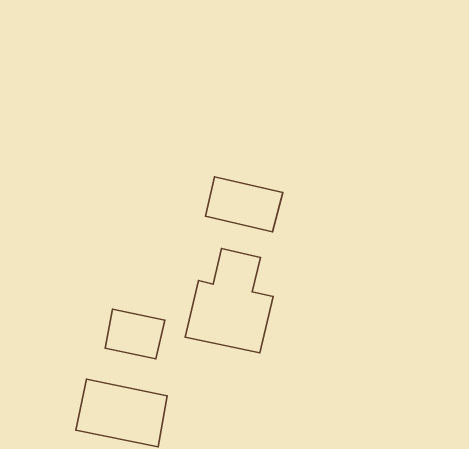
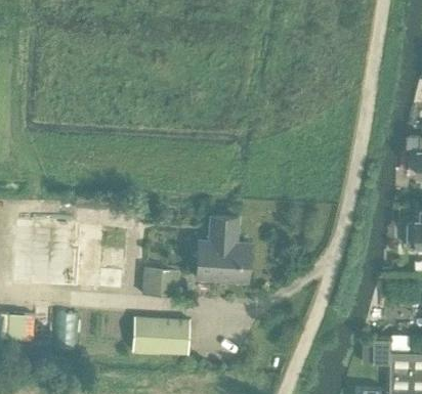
building: [206,177,283,232] -> none

